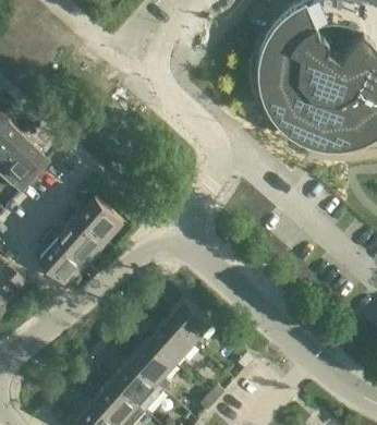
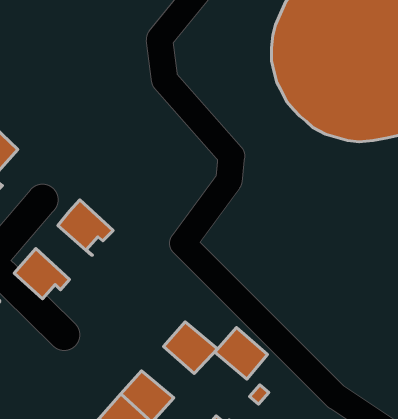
building: [59,219,106,265] -> none
building: [148,321,193,365] -> [215,328,267,379]

